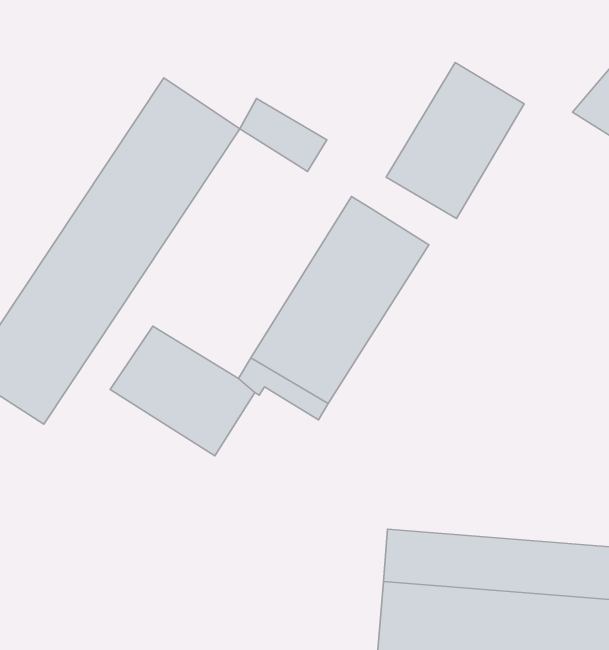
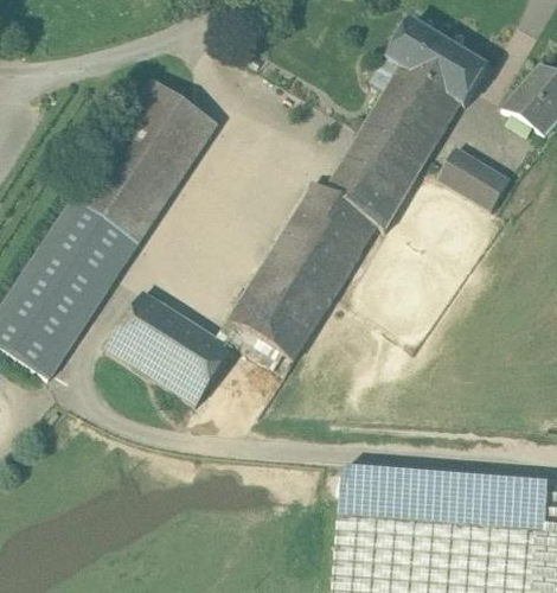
building: none -> [390,21,489,106]
building: [240,98,327,172] -> [328,165,403,228]
building: none -> [440,147,511,210]

